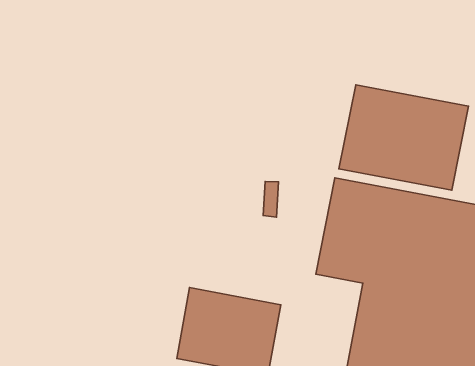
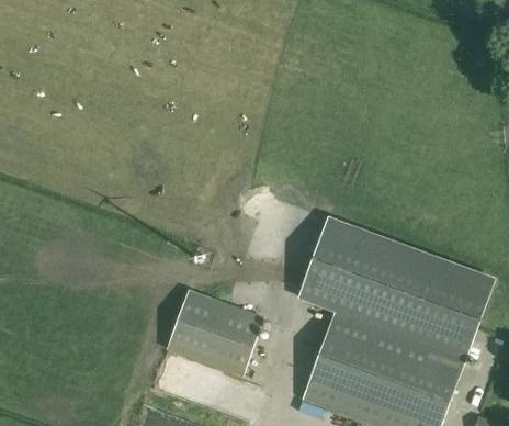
building: [339,85,469,190] -> none

